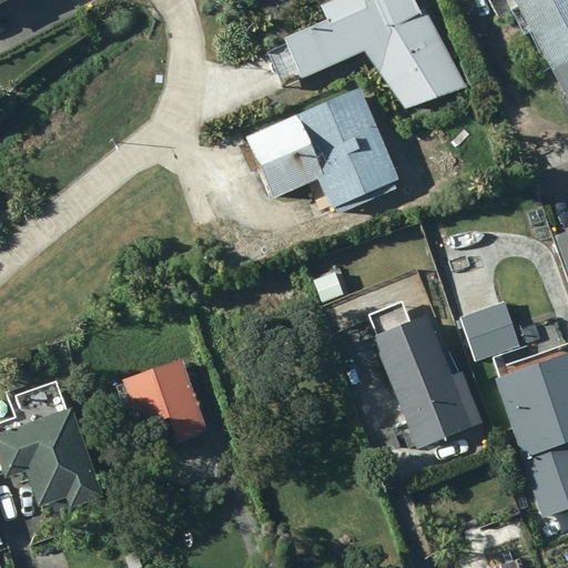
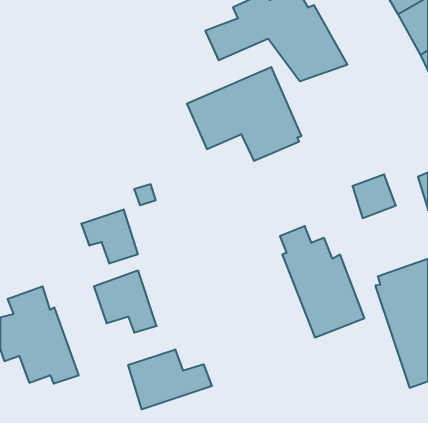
building: none -> [81,209,138,264]
building: [462,300,519,357] -> [352,174,396,218]
building: none -> [128,349,212,409]

